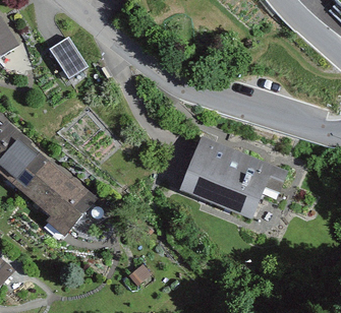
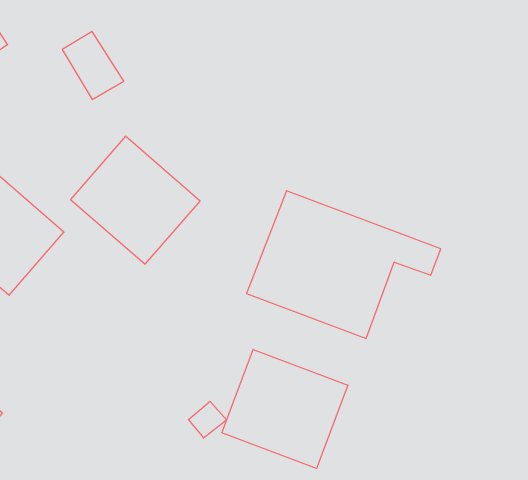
building: [19,158,99,236] -> [71,136,200,264]
building: none -> [222,349,348,468]

